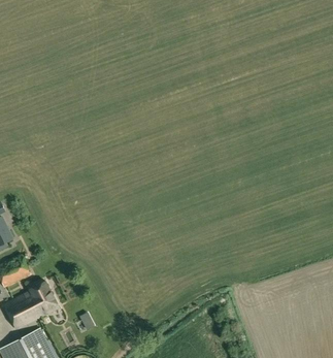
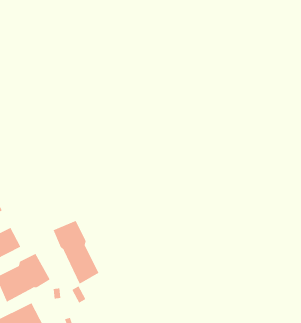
building: none -> [53,220,99,284]

